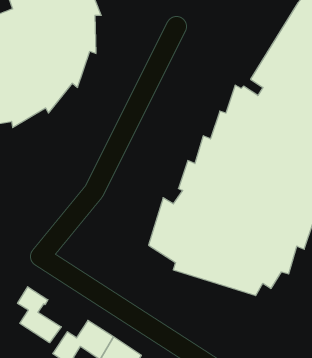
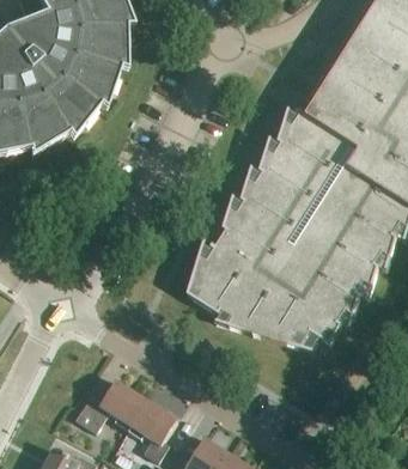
building: [18,287,61,343] -> none

